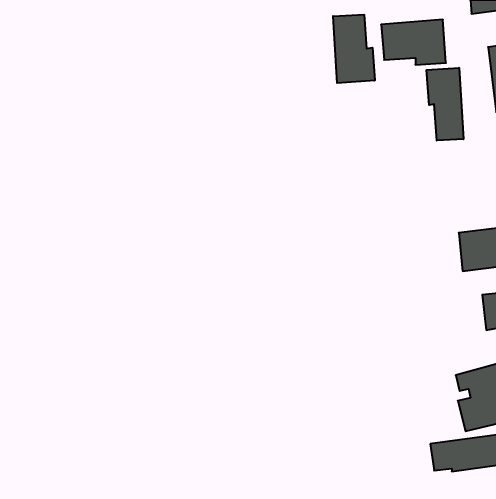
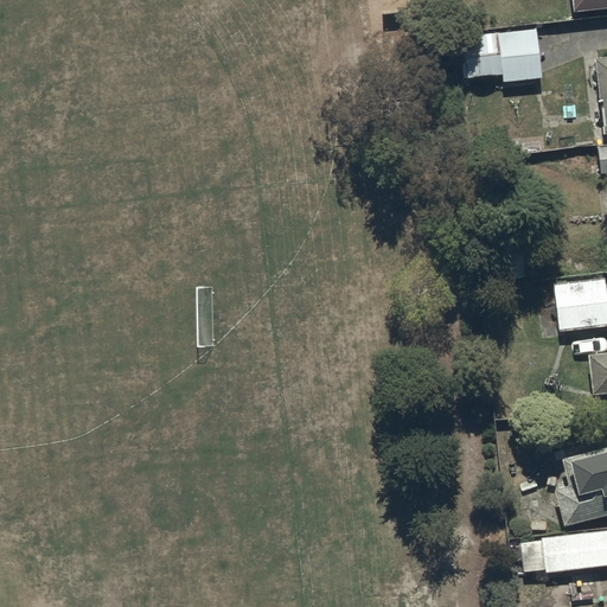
building: [333,15,375,83] -> none
building: [427,68,463,141] -> none

